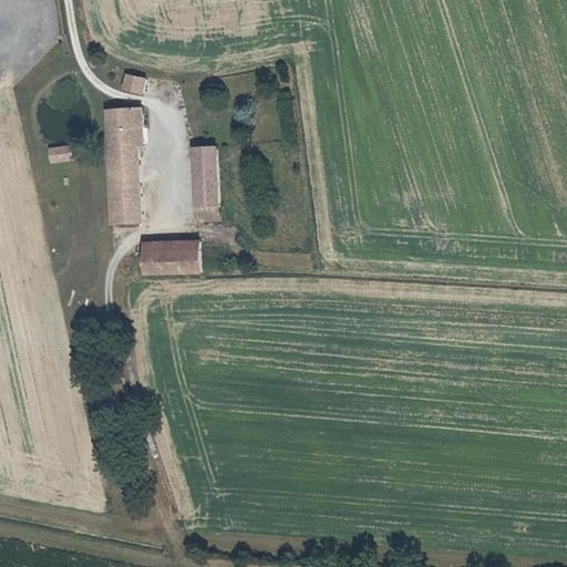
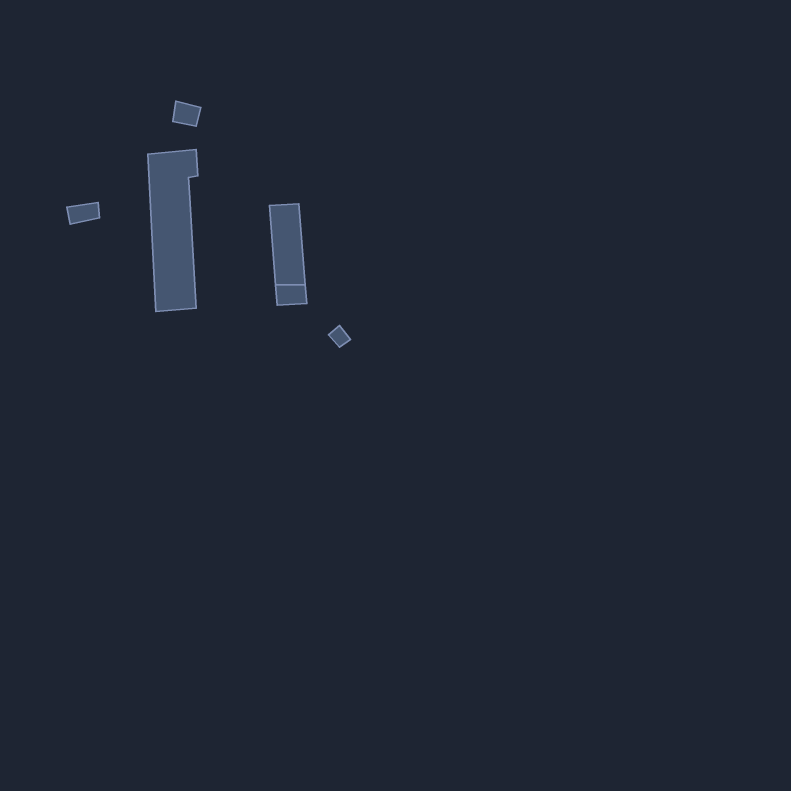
building: [143,248,199,271] -> none

